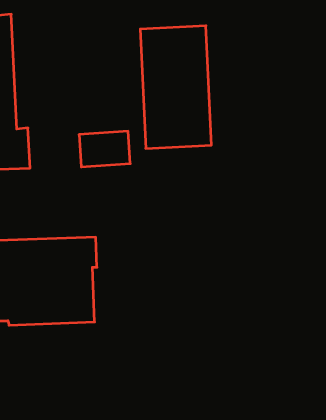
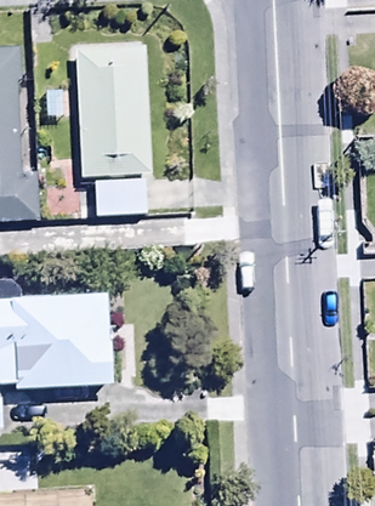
building: [140,26,211,148] -> [75,47,153,181]

